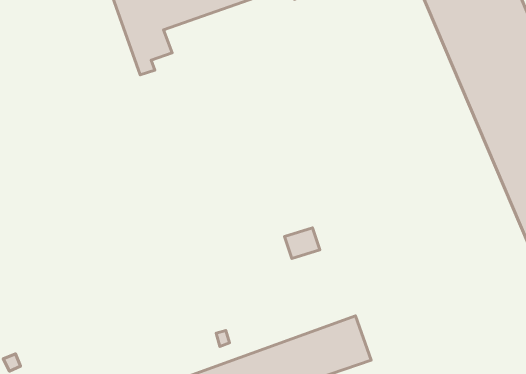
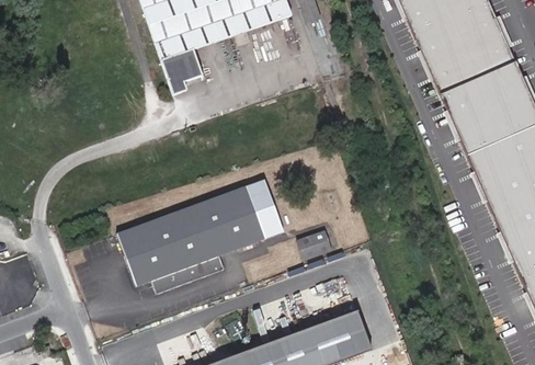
building: none -> [125,182,292,295]

